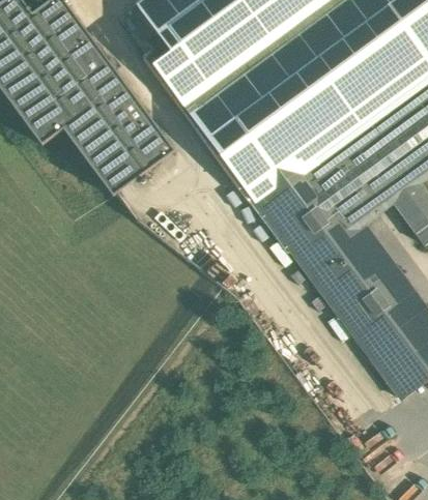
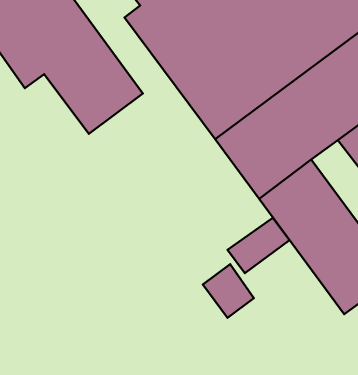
building: none -> [228,218,290,273]
building: none -> [203,264,254,318]

